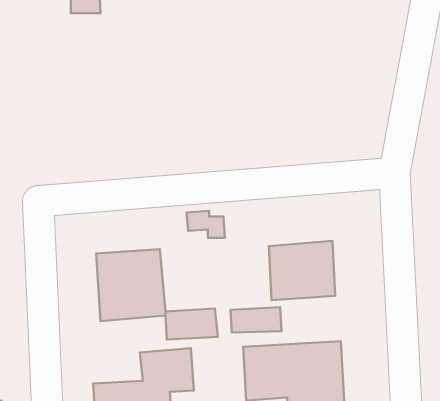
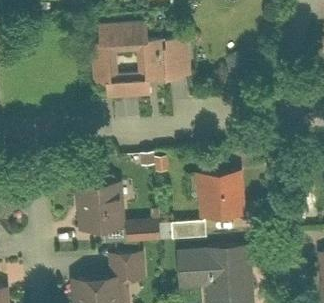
building: none -> [85,23,188,104]

